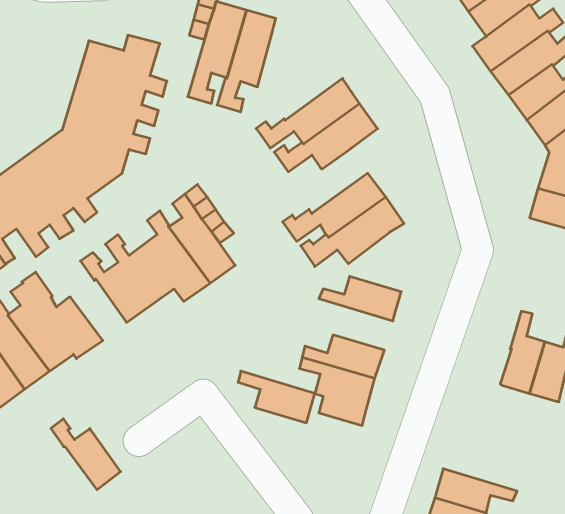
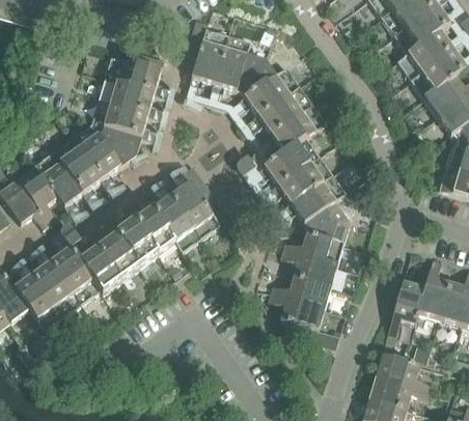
building: none -> [233,53,300,116]
building: none -> [243,138,319,192]
building: none -> [304,200,351,244]
building: none -> [387,280,425,337]
building: [238,371,315,423] -> [280,249,337,287]
building: [51,419,121,490] -> [87,227,139,280]
building: none -> [375,354,432,392]

